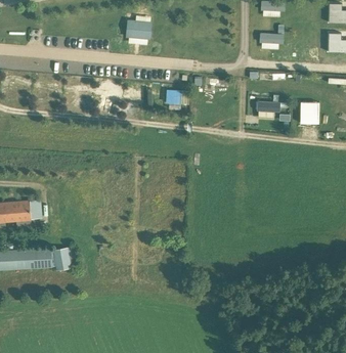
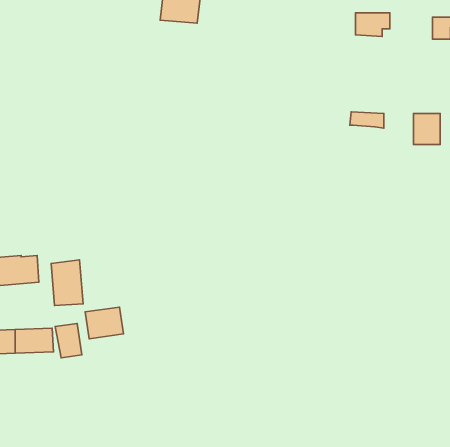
building: none -> [51,260,83,306]
building: none -> [85,307,123,339]

